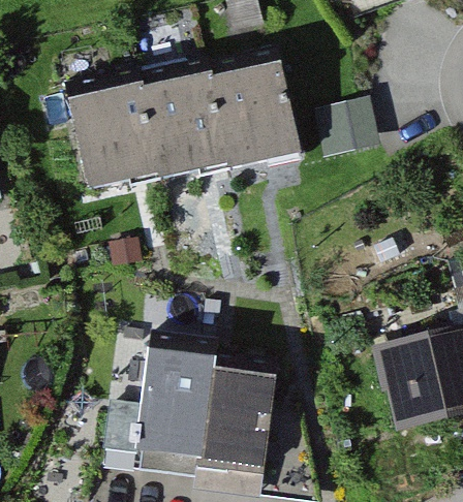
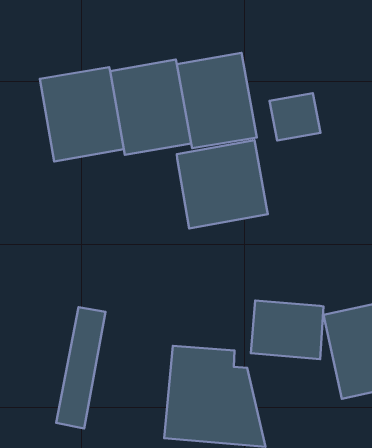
building: none -> [177,140,268,228]
building: none -> [251,300,324,359]
building: [134,354,214,476] -> none

